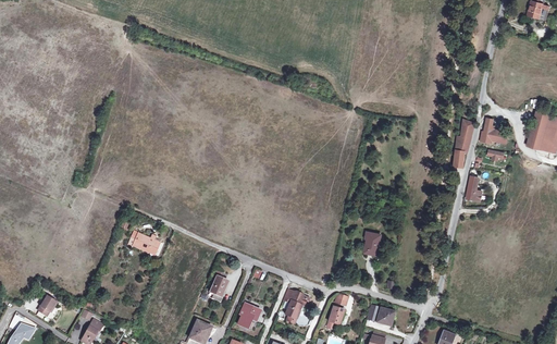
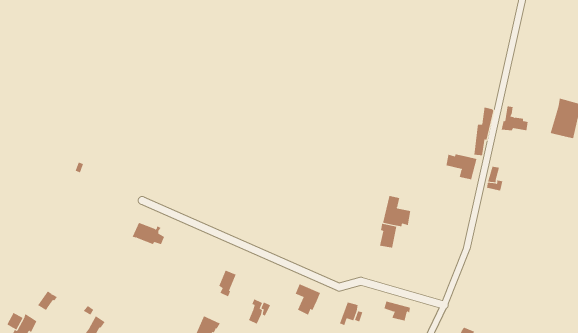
building: none -> [446,153,477,180]
building: none -> [383,195,411,227]

